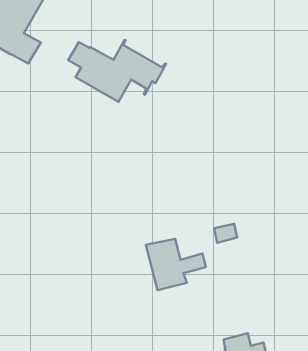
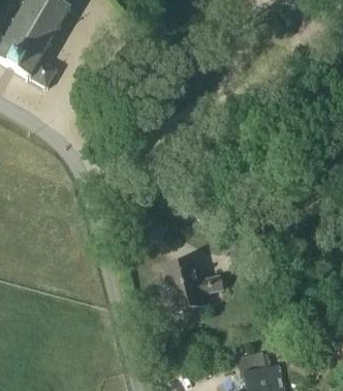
building: [68,40,166,102] -> none

